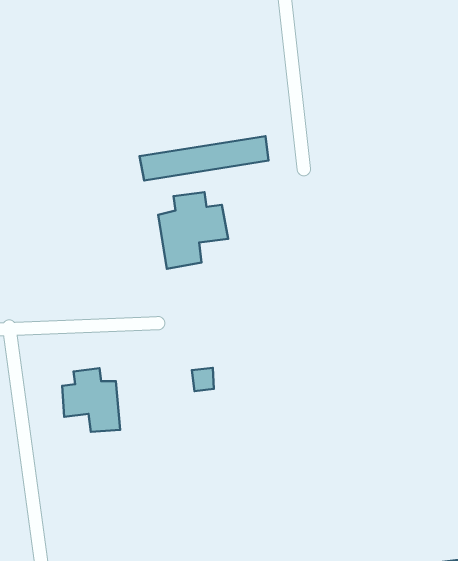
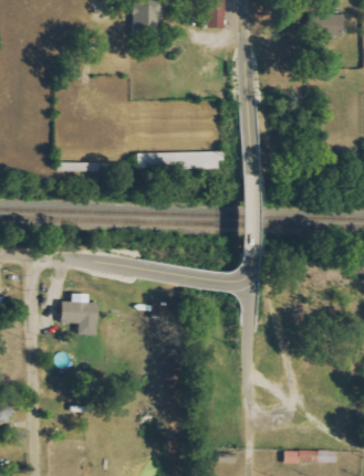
building: [158,192,228,269] -> none

